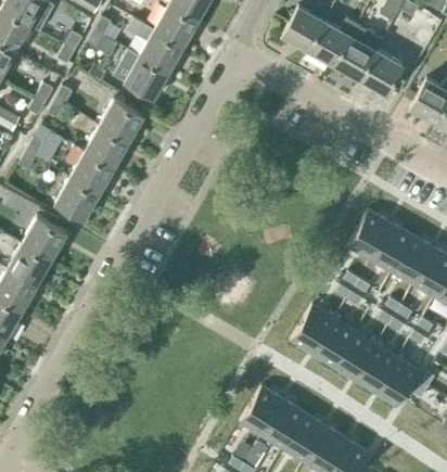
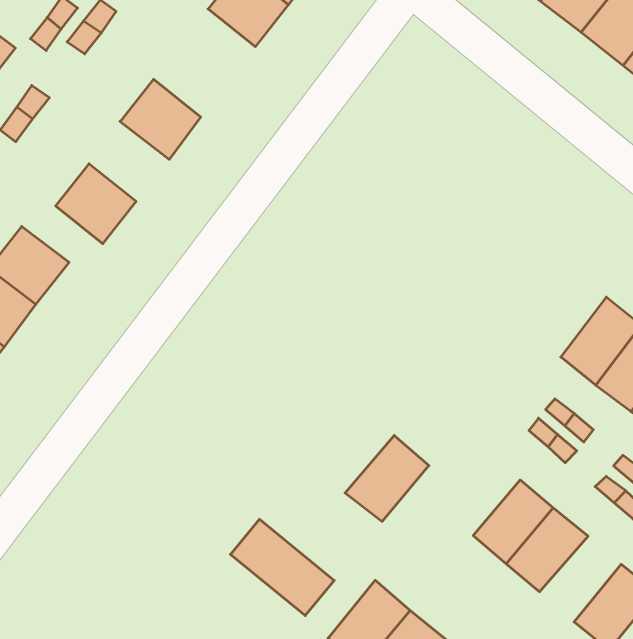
building: [100,100,144,142] -> none
building: [71,151,115,194] -> none
building: [291,305,335,354] -> [345,435,429,521]
building: [355,345,398,394] -> none
building: none -> [230,519,334,616]

